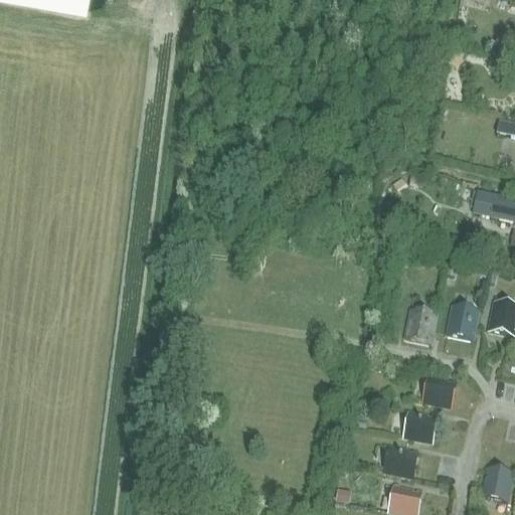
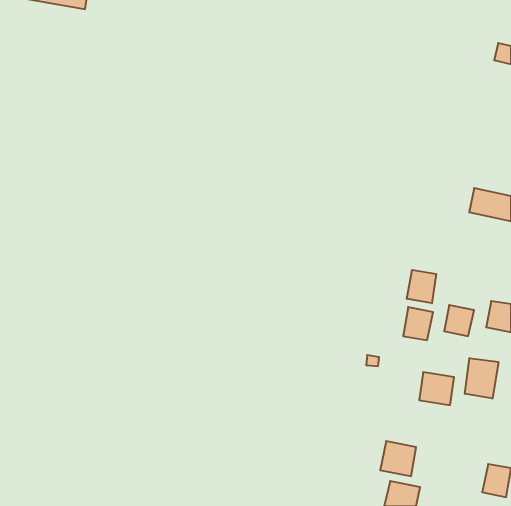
building: none -> [407,270,436,303]
building: none -> [465,358,498,399]
building: [402,409,439,444] -> none

